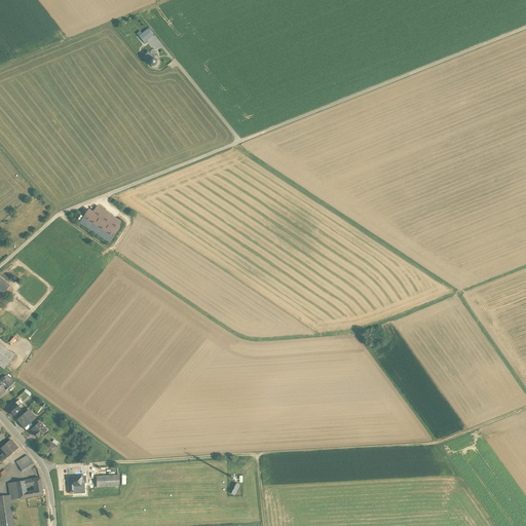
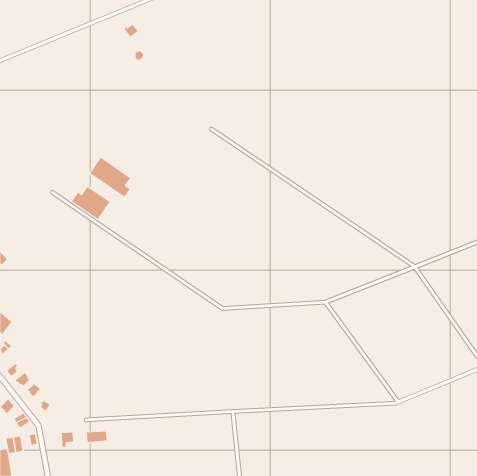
building: none -> [89,157,131,198]

